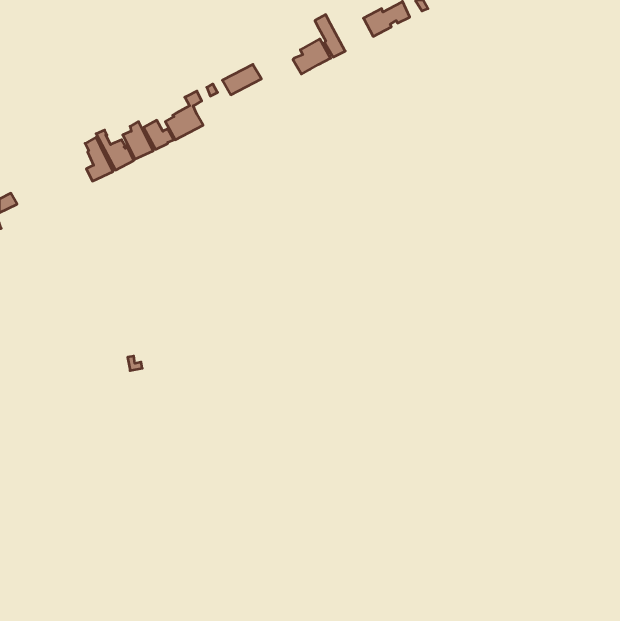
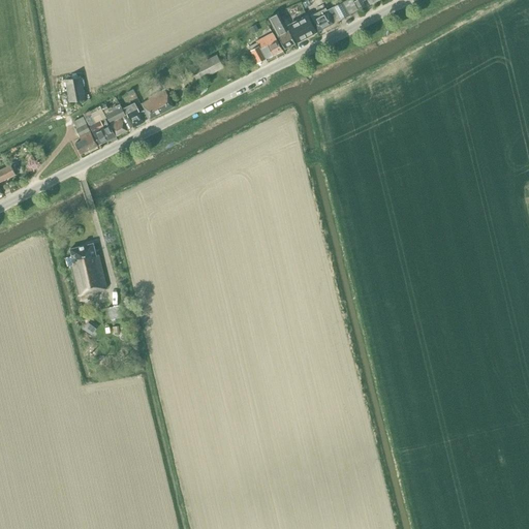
building: none -> [287,15,315,42]
building: none -> [63,76,84,102]
building: none -> [64,243,105,294]

